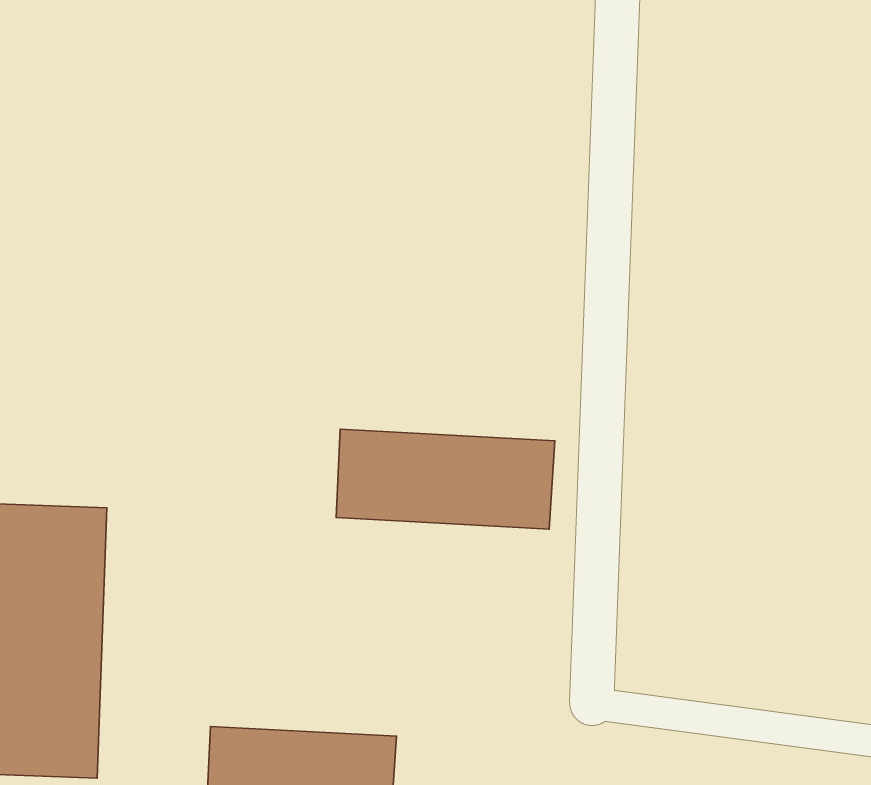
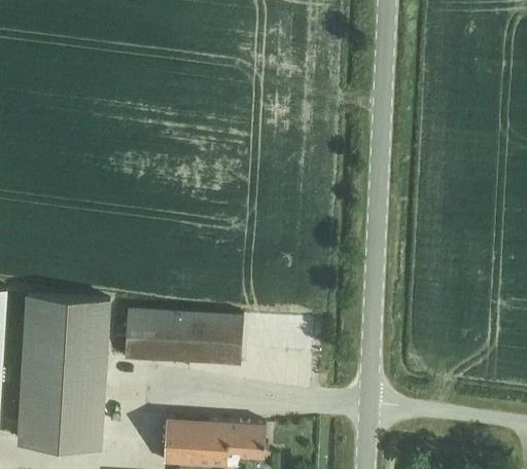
building: [336,429,555,529] -> [125,311,242,364]

